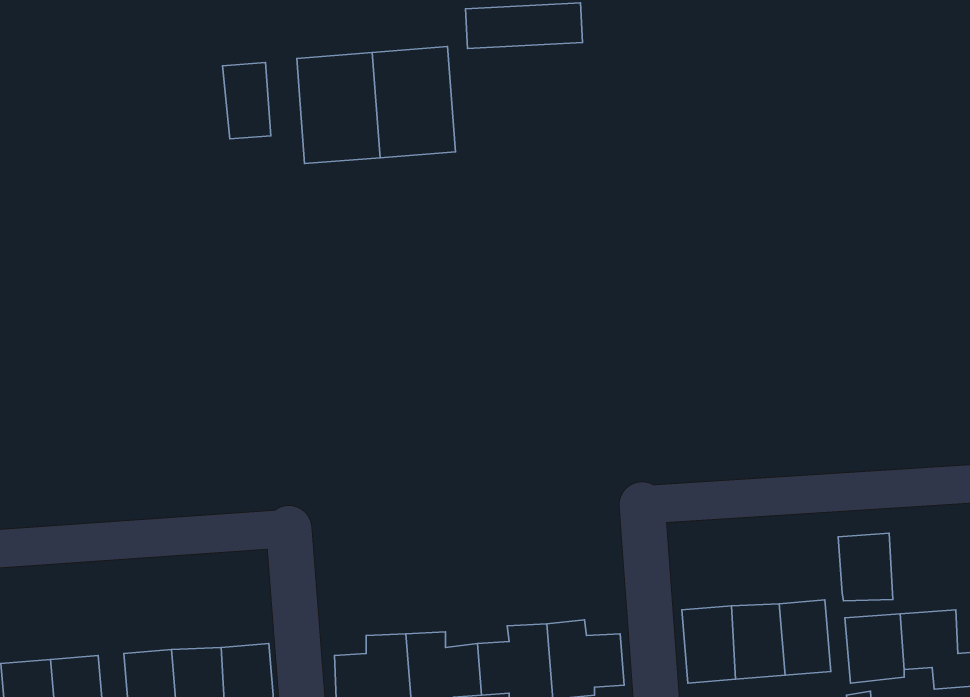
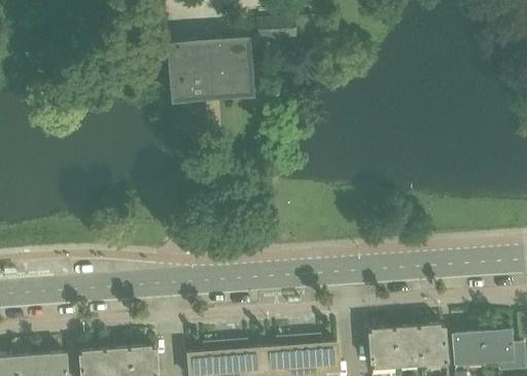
building: [223,63,271,139] -> none
building: [838,533,893,601] -> none

